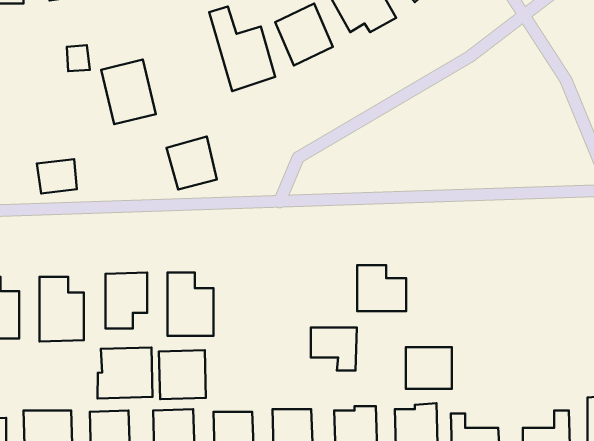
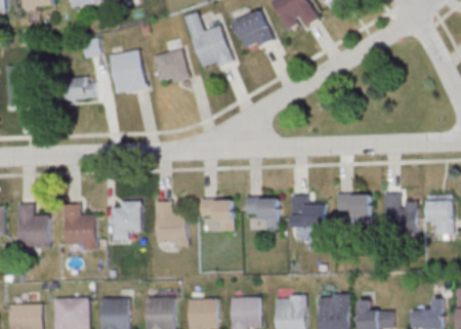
building: [167,136,217,190] -> [154,47,190,85]
building: [37,159,77,194] -> [67,75,95,99]
building: none -> [384,193,416,229]
building: none -> [428,194,453,234]
building: none -> [201,199,234,230]
building: [311,327,357,371] -> [247,197,280,228]
building: [406,347,452,389] -> [338,194,371,223]
building: [98,348,153,398] -> none
building: [159,350,206,399] -> none

